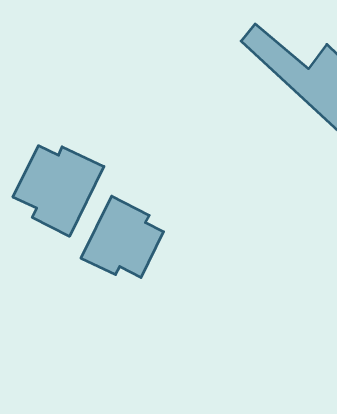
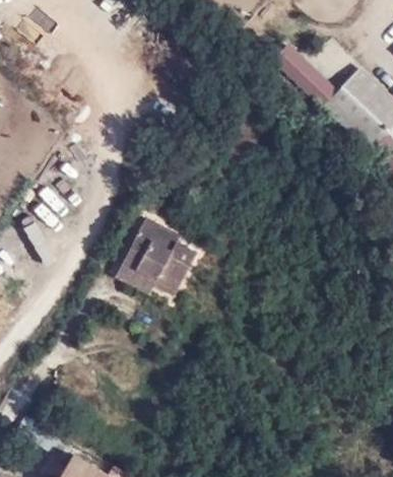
building: [13,146,104,236] -> none

